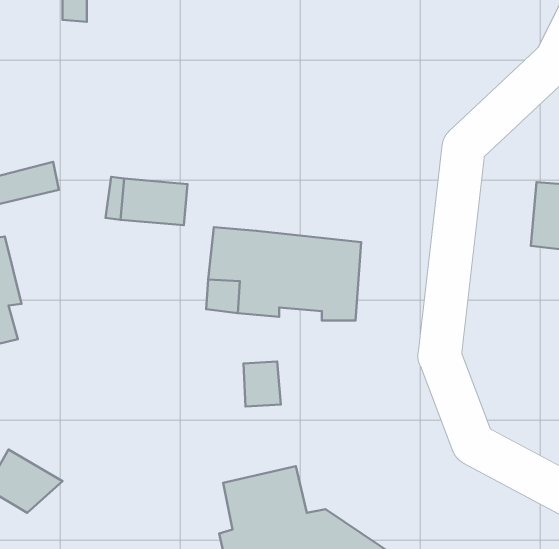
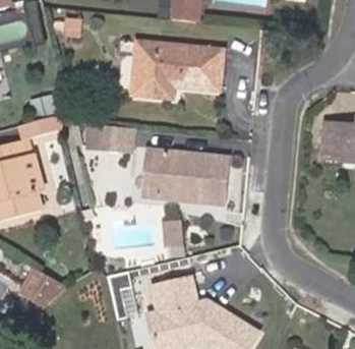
building: none -> [132,41,223,96]

